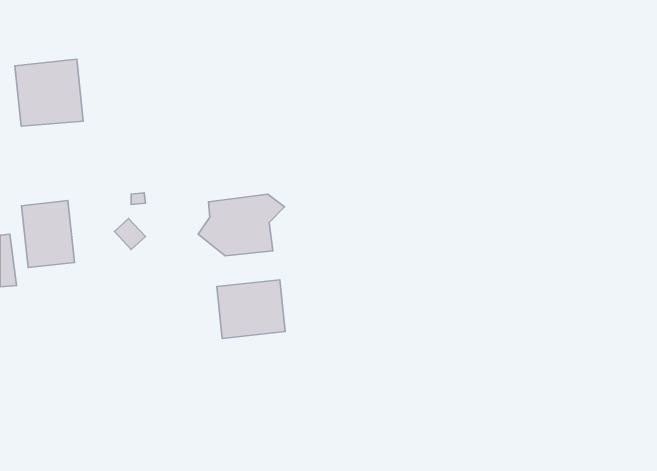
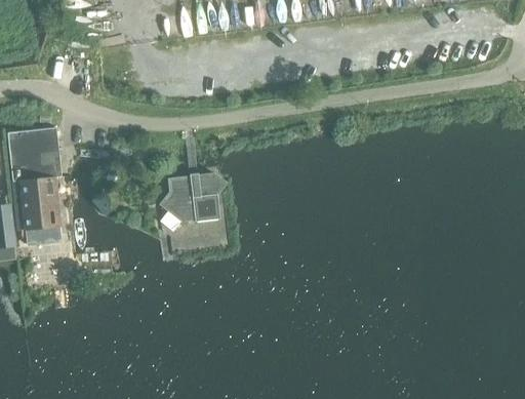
building: [15,59,83,126] -> [7,128,62,182]
building: [217,280,285,338] -> none

